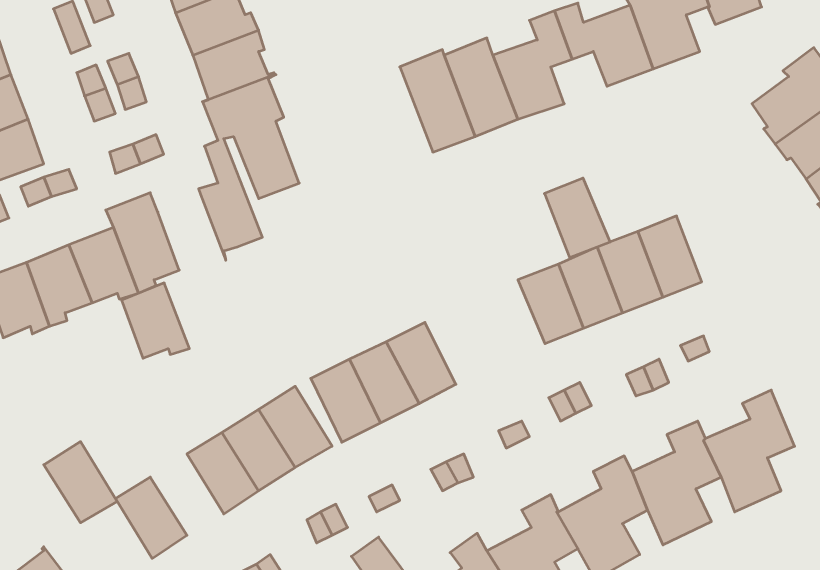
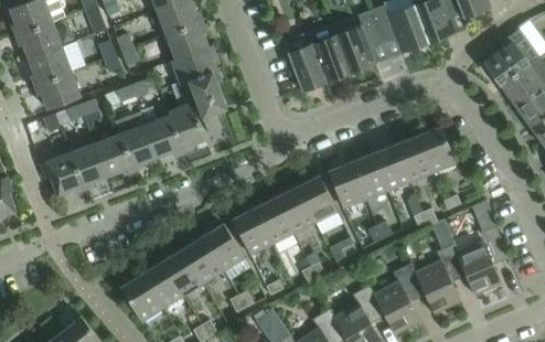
building: [544,178,610,257] -> [329,162,366,207]
building: [122,283,189,358] -> [146,114,184,157]
building: none -> [298,175,338,222]
building: [44,442,117,523] -> [141,261,183,308]

